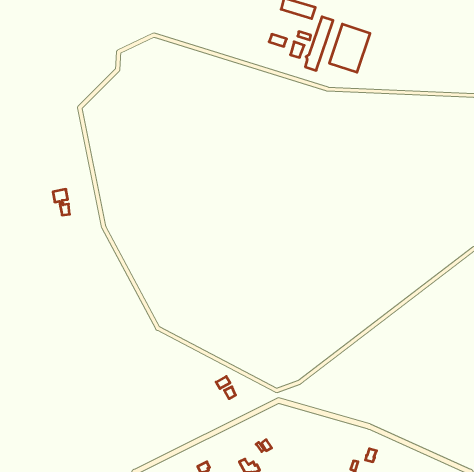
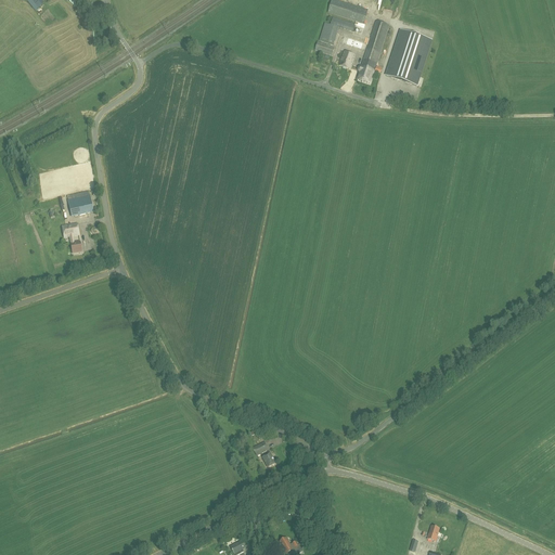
building: none -> [320,16,357,43]
building: none -> [67,190,93,215]

